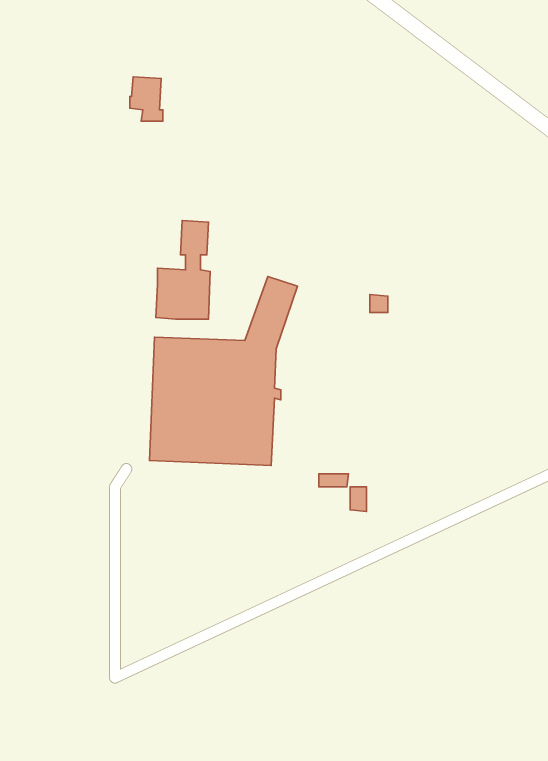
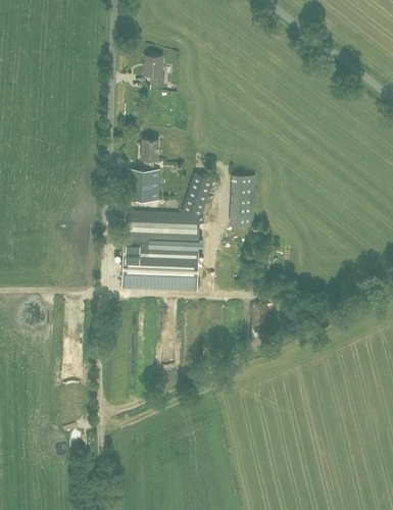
building: [130,77,163,121] -> [143,55,163,83]
building: none -> [230,174,254,225]

